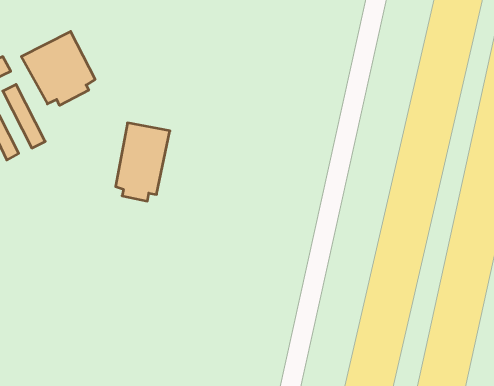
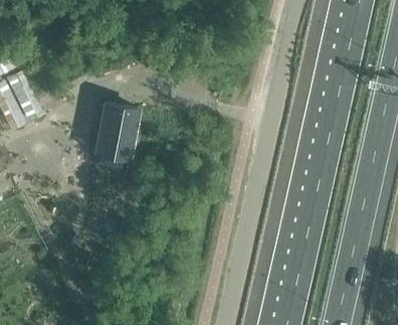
building: [21,31,95,105] -> none

